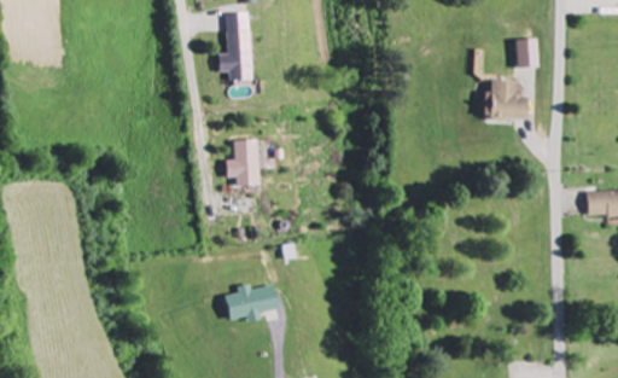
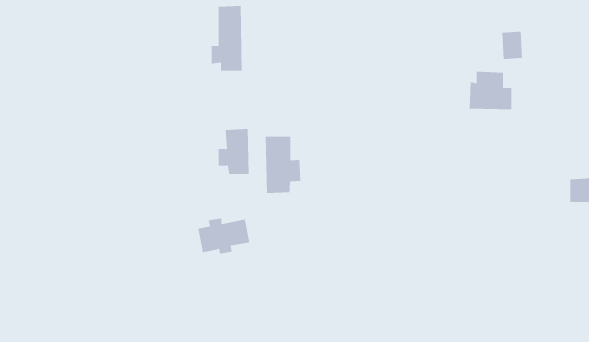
building: none -> [265,136,301,194]
building: [225,283,279,320] -> [197,218,250,254]

